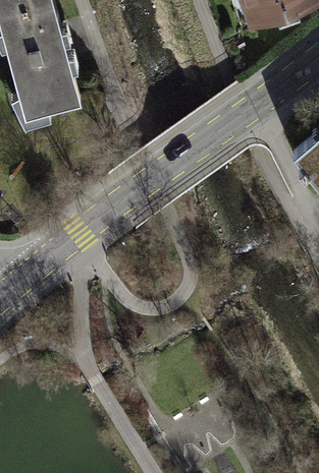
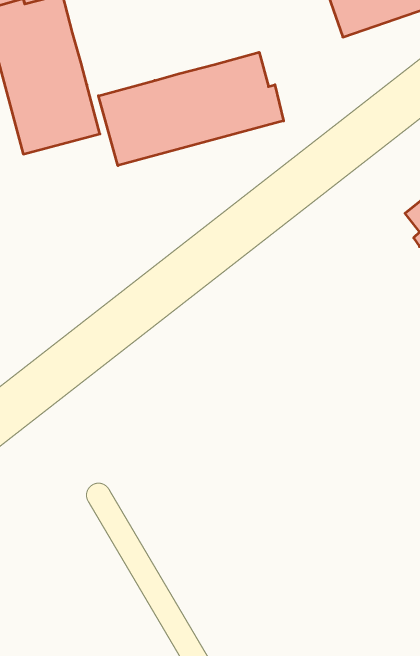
building: none -> [98,52,284,166]

